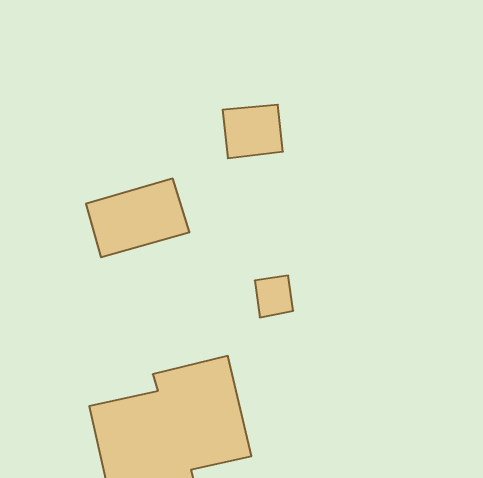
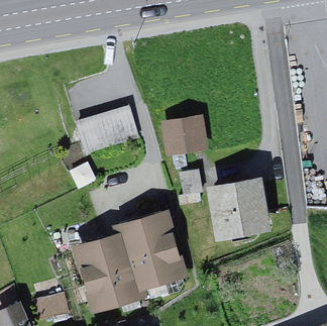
building: [223,105,283,158] -> [164,117,200,149]
building: none -> [208,180,266,237]

